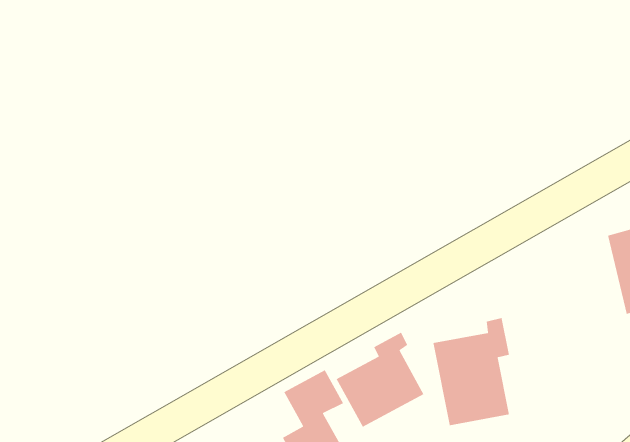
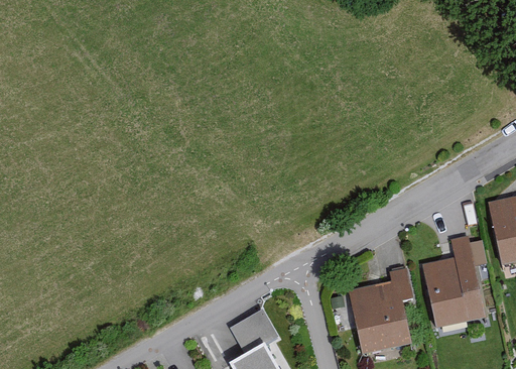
building: none -> [424,237,485,328]
building: [335,332,425,428] -> none

